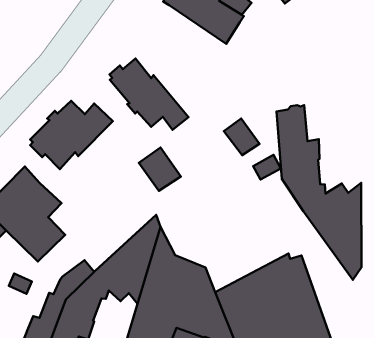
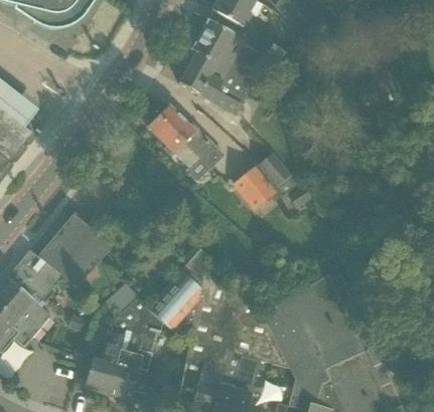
building: none -> [179,50,253,113]
building: [30,101,113,169] -> none
building: [277,105,361,280] -> none
building: [139,148,181,191] -> [234,166,274,206]

